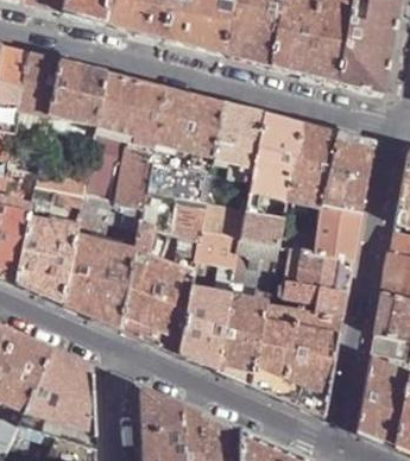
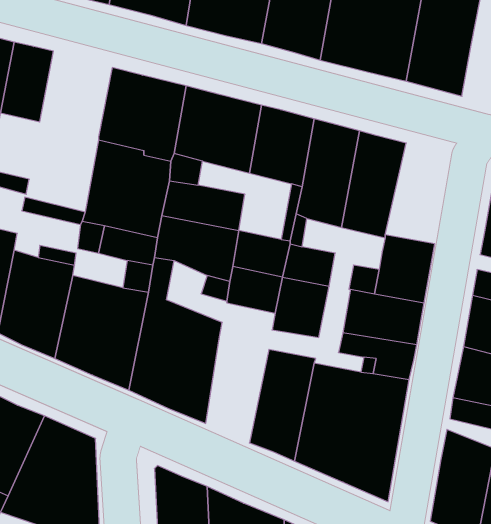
building: [49,58,106,126] -> none
building: [321,131,373,210] -> none
building: [179,285,229,367] -> none

